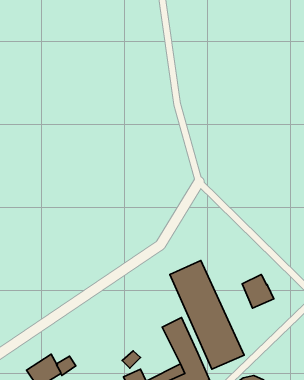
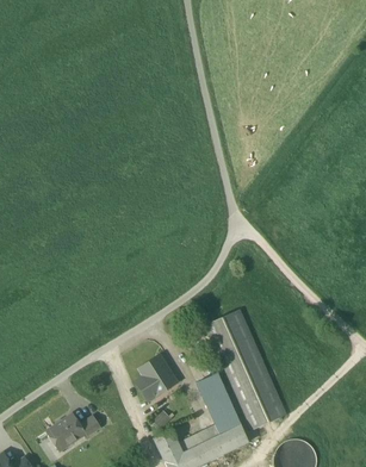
building: [242,275,274,308] -> none
building: none -> [137,357,175,399]

